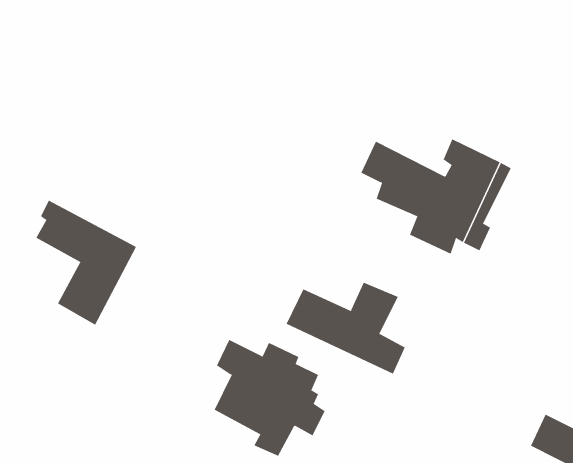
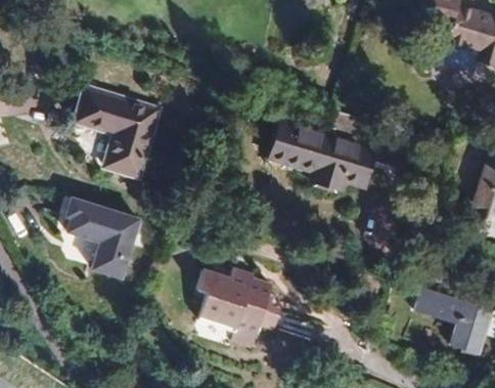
building: none -> [70,85,151,171]
building: [286,282,405,374] -> none

